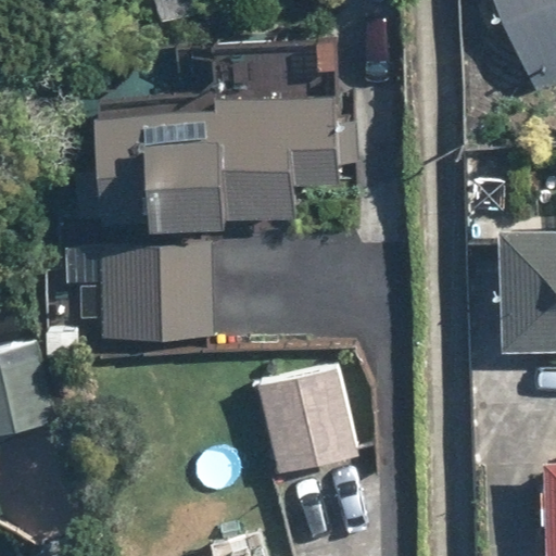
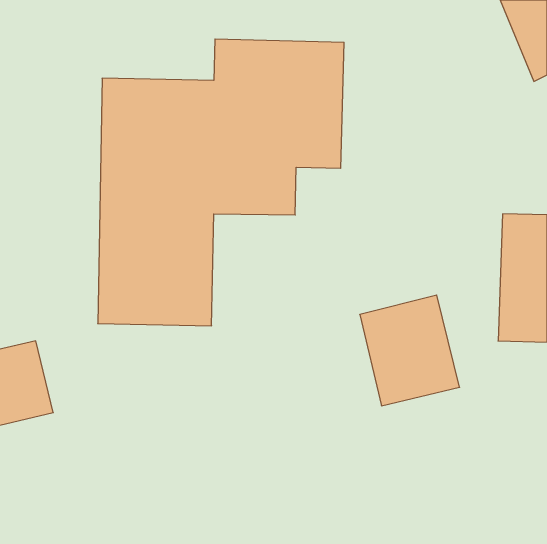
building: [257,367,357,478] -> [360,295,460,406]

